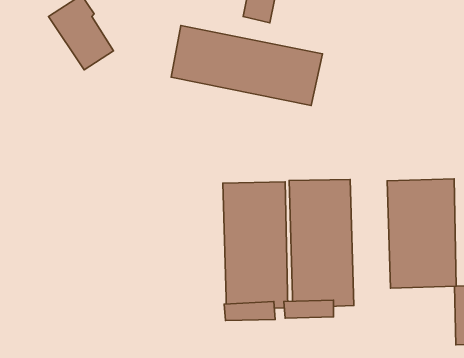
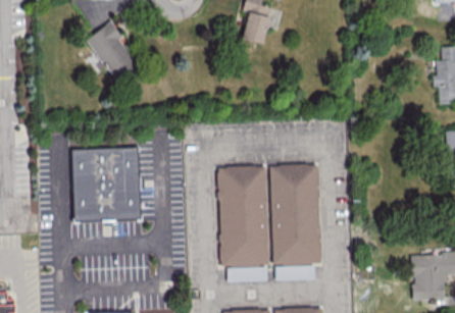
building: [171,26,322,105] -> none
building: none -> [77,149,146,224]
building: [387,179,456,288] -> none

